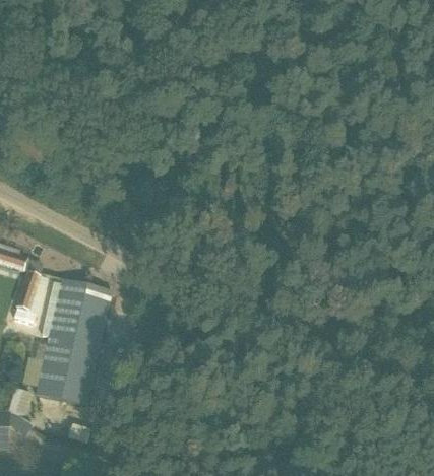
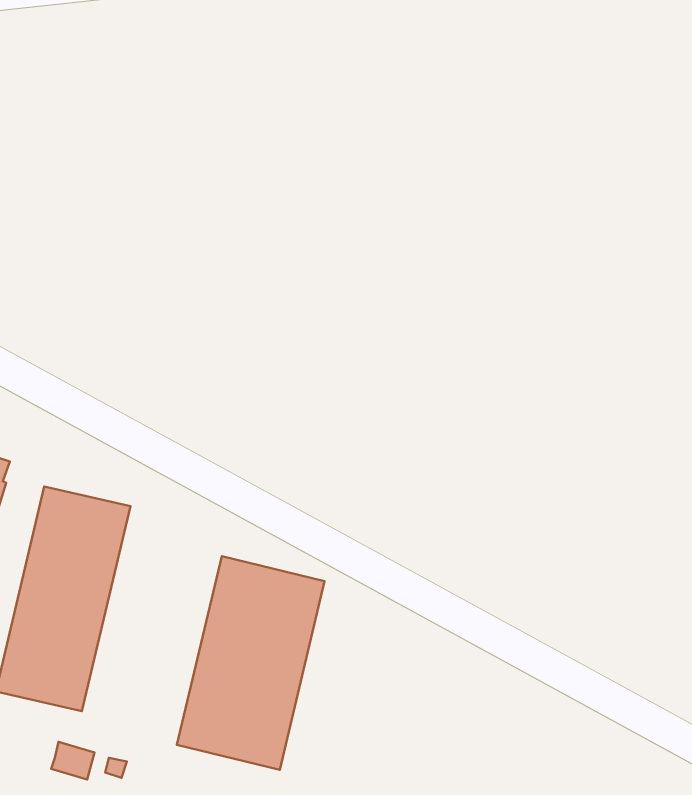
building: none -> [177,556,325,770]

